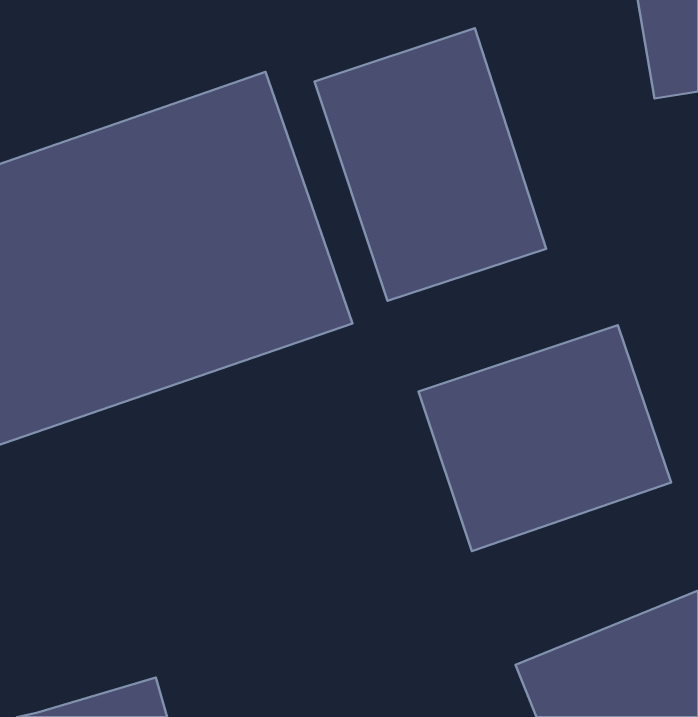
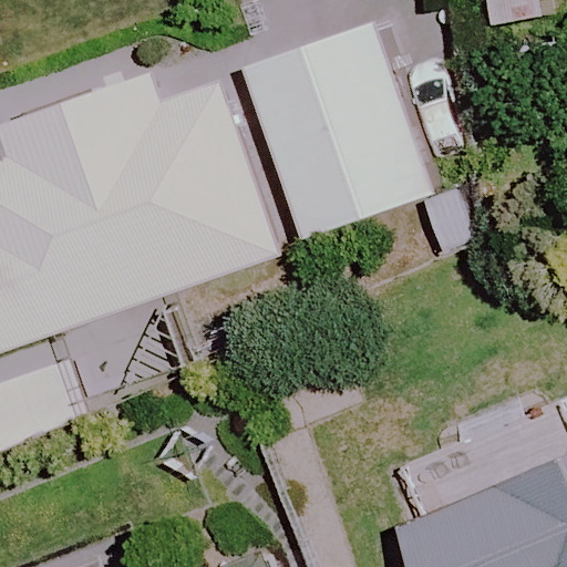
building: [419,325,671,551] -> none

